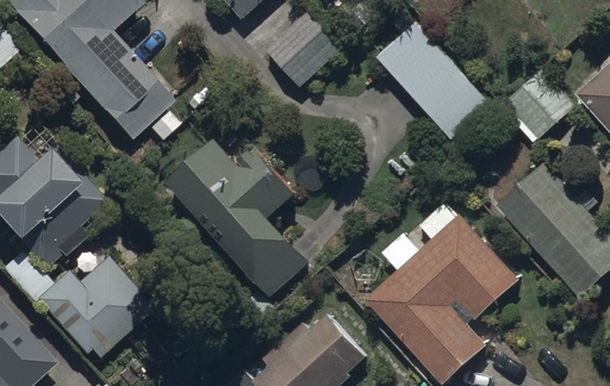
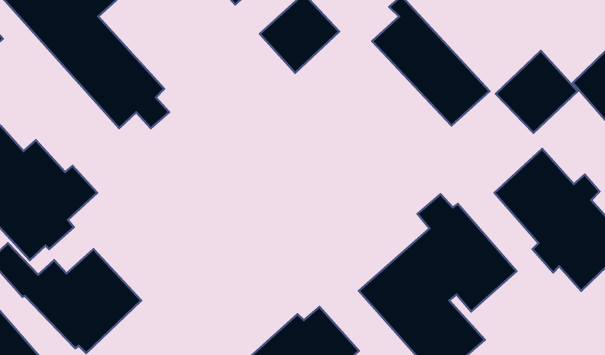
building: [169,139,312,298] -> none

